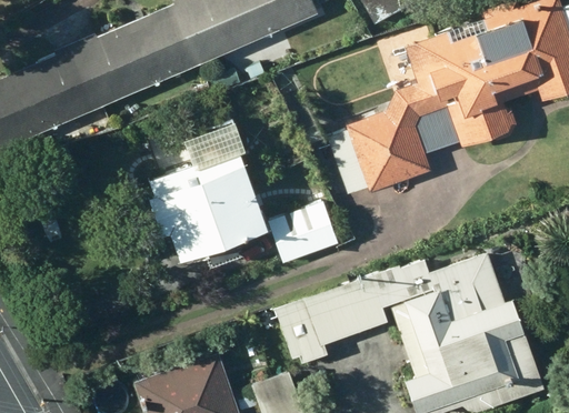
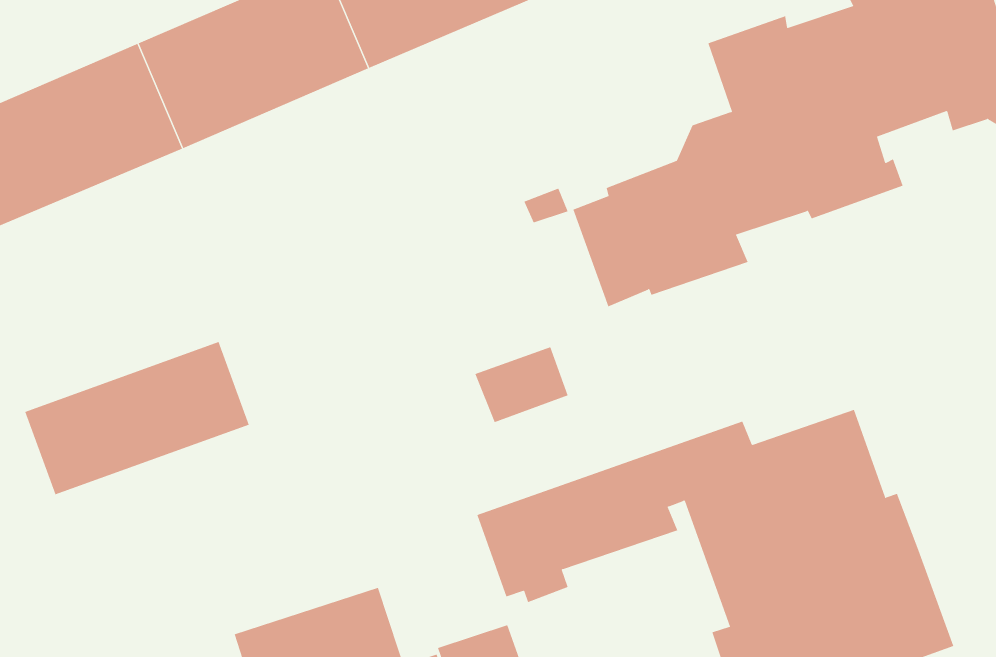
building: [148,137,267,260] -> none
building: none -> [24,341,250,495]

